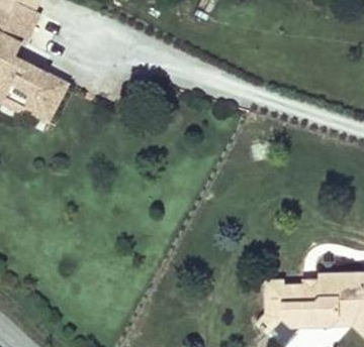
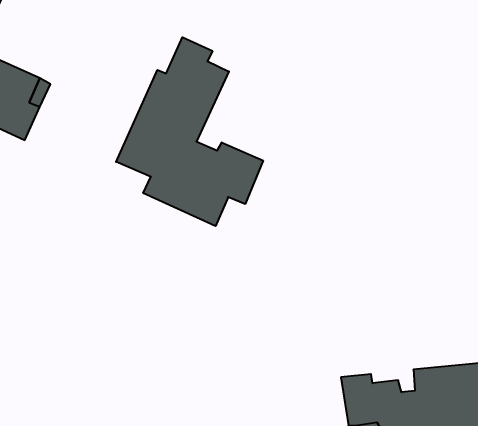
building: none -> [116,37,263,226]

